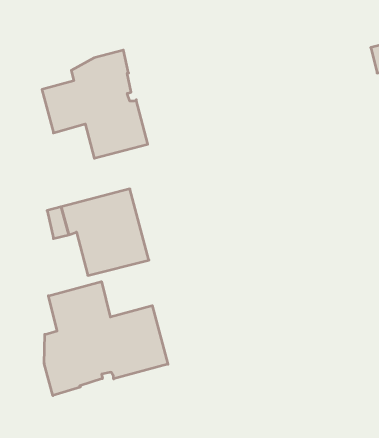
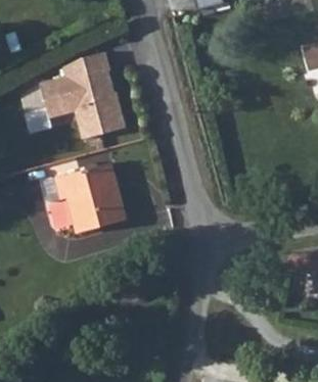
building: [44,282,168,396] -> none

